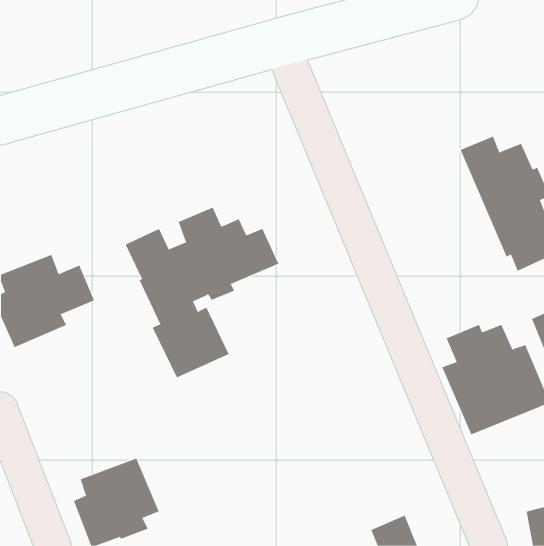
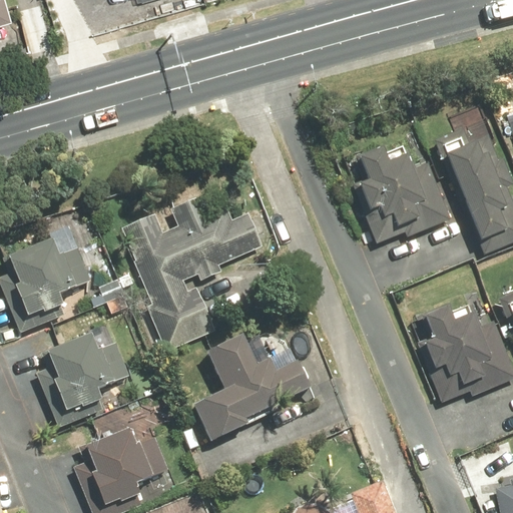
building: none -> [348,145,452,248]
building: none -> [37,333,133,417]
building: none -> [192,334,321,441]

